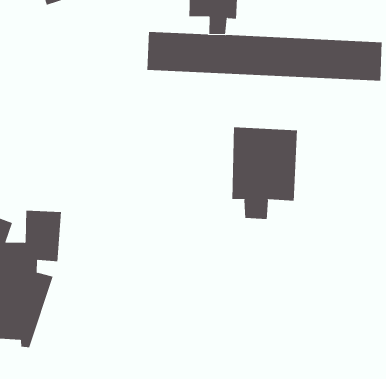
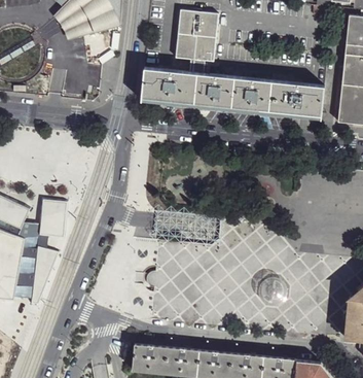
building: [232,126,298,220] -> none

